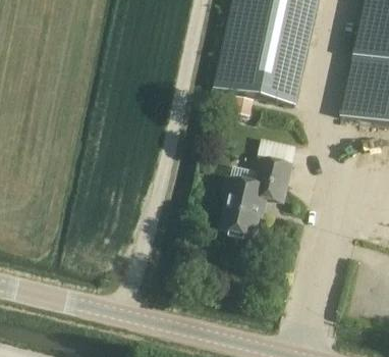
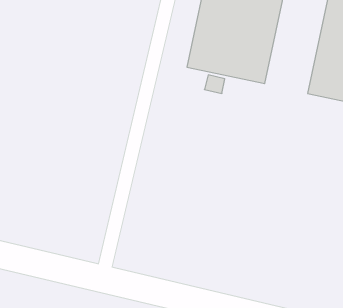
building: [221,156,292,235] -> none

